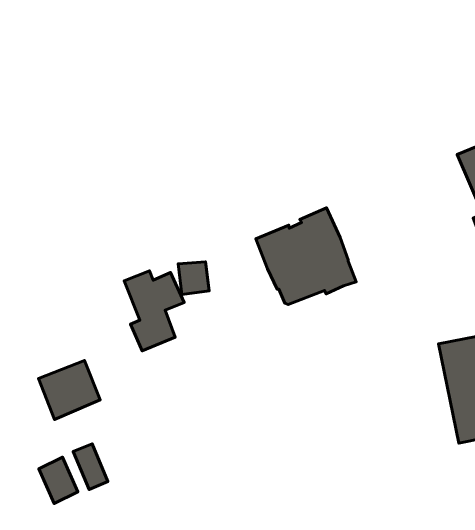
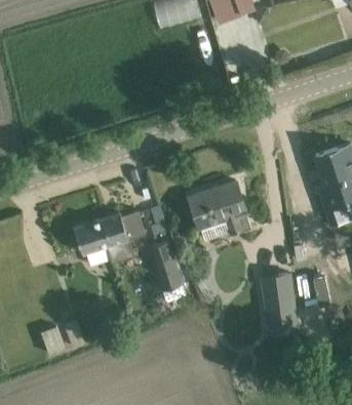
building: none -> [147,242,181,290]
building: none -> [263,273,297,333]
building: [39,360,100,419] -> [72,217,110,253]

